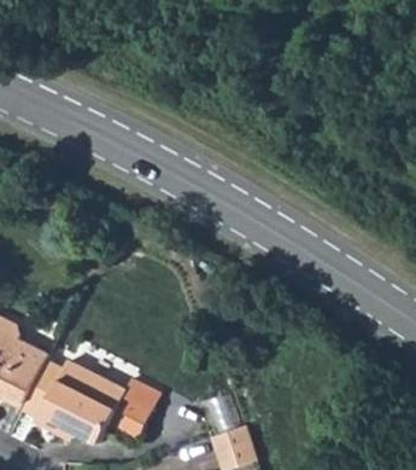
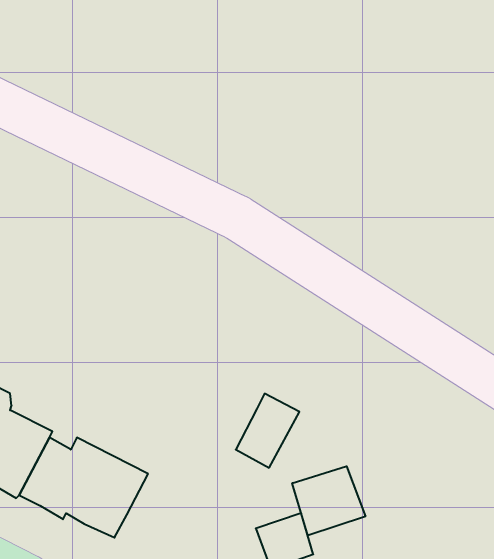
building: [106,378,157,437] -> [236,394,299,468]
building: none -> [292,466,365,536]

